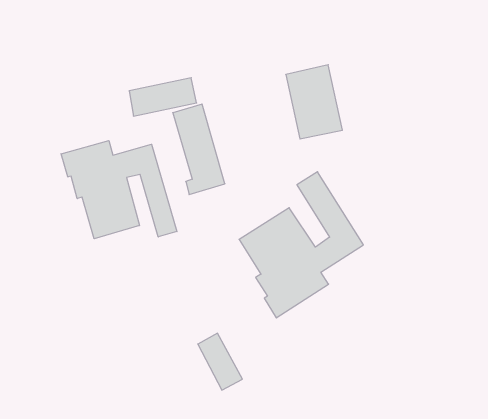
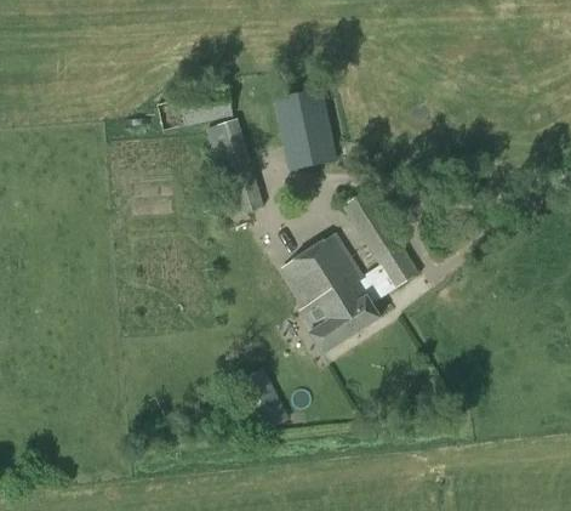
building: [286,65,342,139] -> [273,87,336,170]
building: [61,141,177,239] -> none

